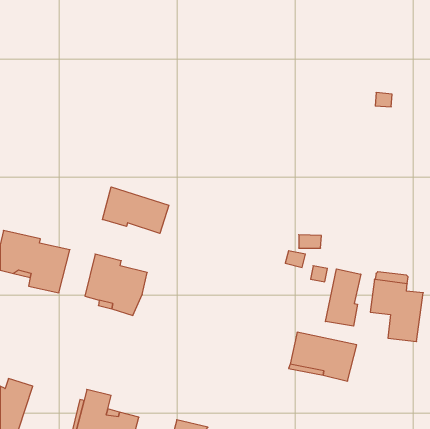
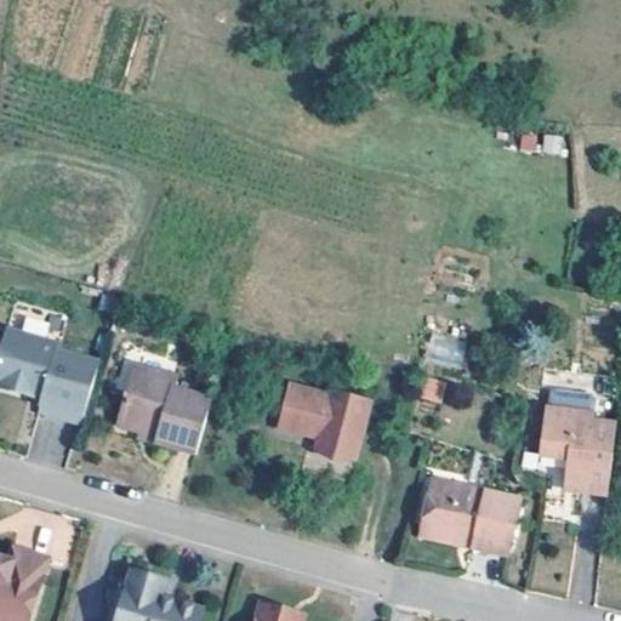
building: [102,187,169,233] -> none
building: none -> [281,380,372,454]
building: [325,269,361,326] -> none

